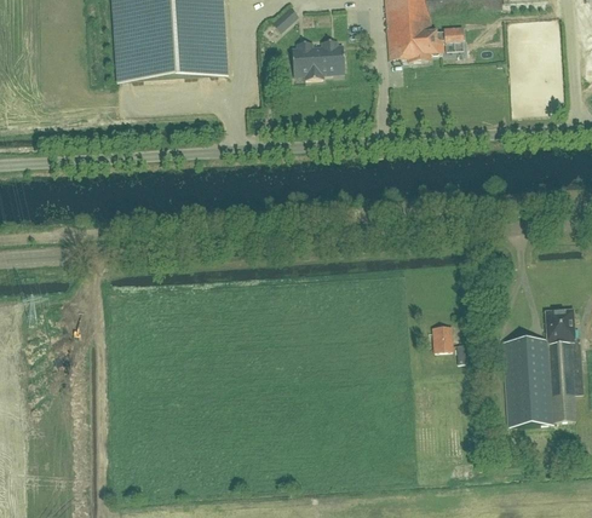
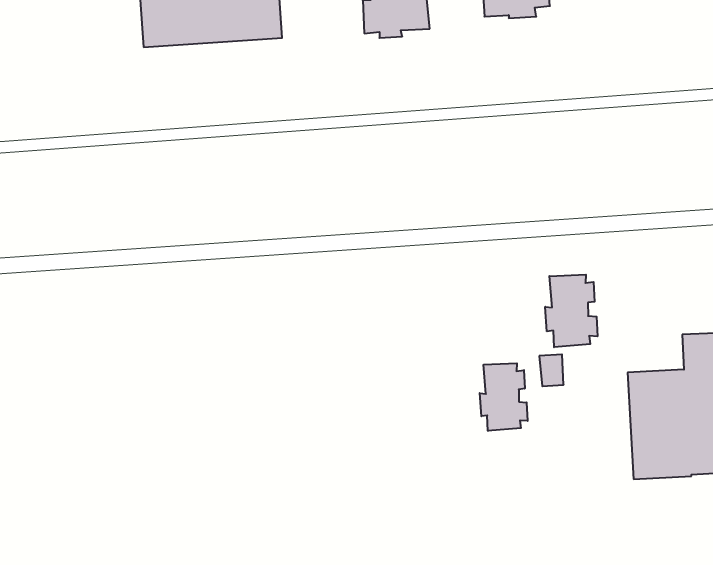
building: none -> [545,275,597,347]
building: none -> [480,363,528,431]

